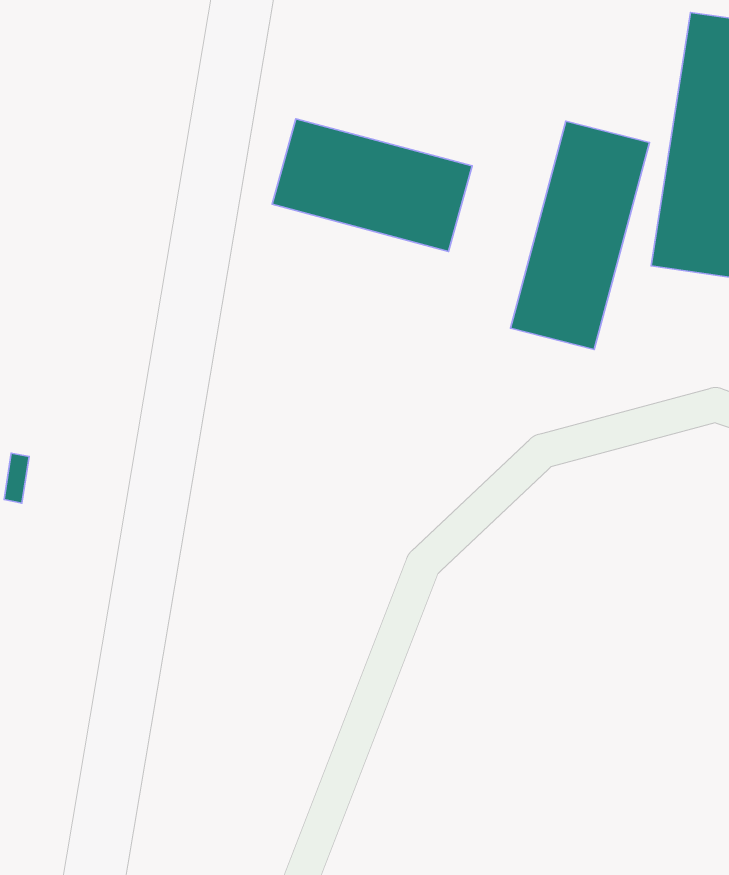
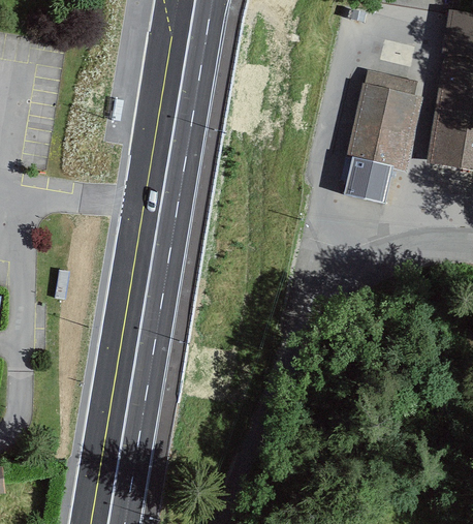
building: [272,119,472,251] -> none

